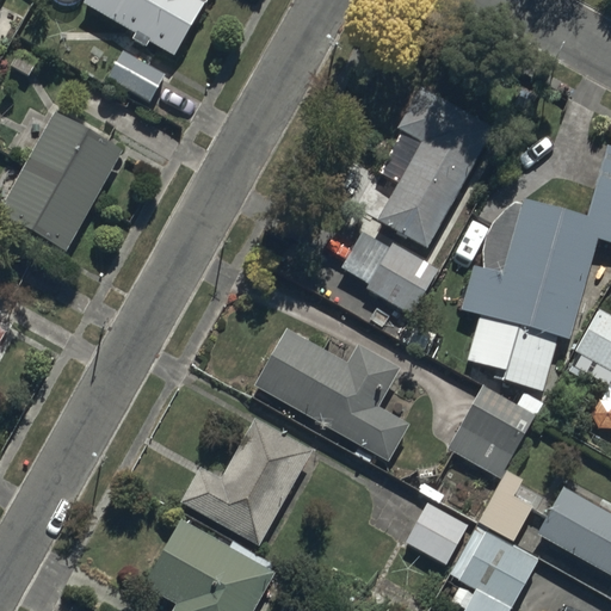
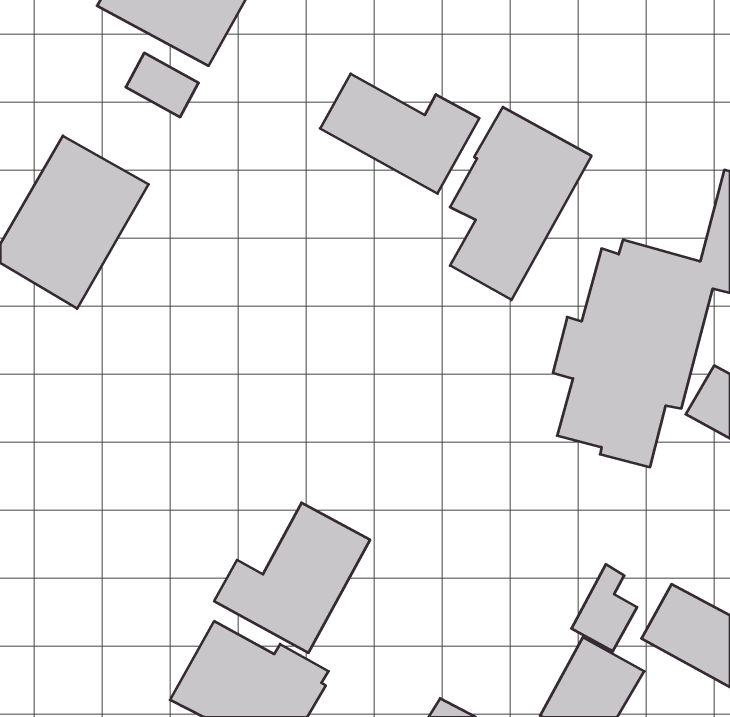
building: none -> [320,74,479,194]
building: [340,229,438,313] -> none
building: [254,329,408,463] -> none
building: [446,383,543,475] -> none
building: [405,498,467,558] -> none

